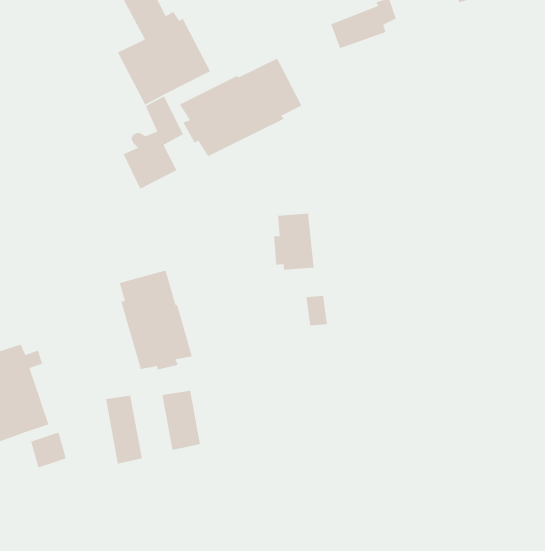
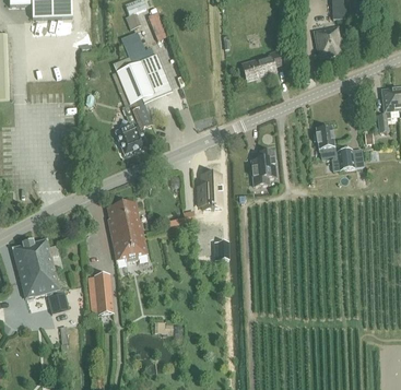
building: [179,58,302,157] -> none
building: none -> [316,123,354,168]
building: none -> [250,150,275,185]
building: [161,390,201,451] -> none

